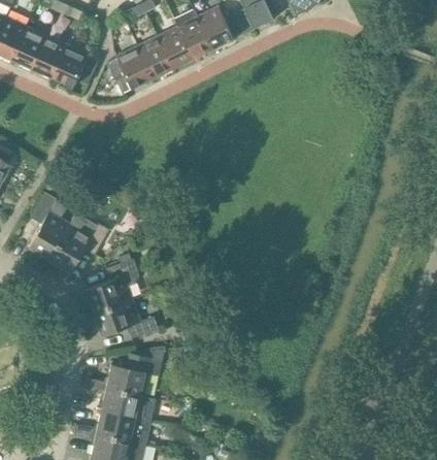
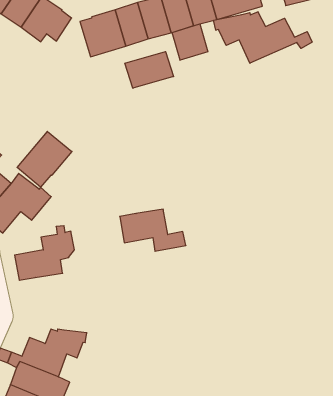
building: none -> [214,12,312,63]
building: none -> [172,24,208,60]
building: none -> [125,52,174,88]
building: none -> [17,131,72,187]
building: [92,299,158,339] -> [120,209,186,251]

